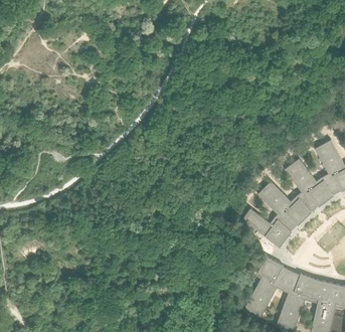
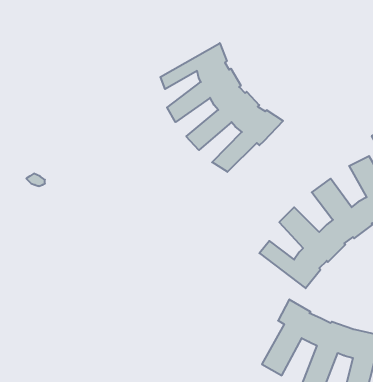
building: none -> [160,43,283,172]

